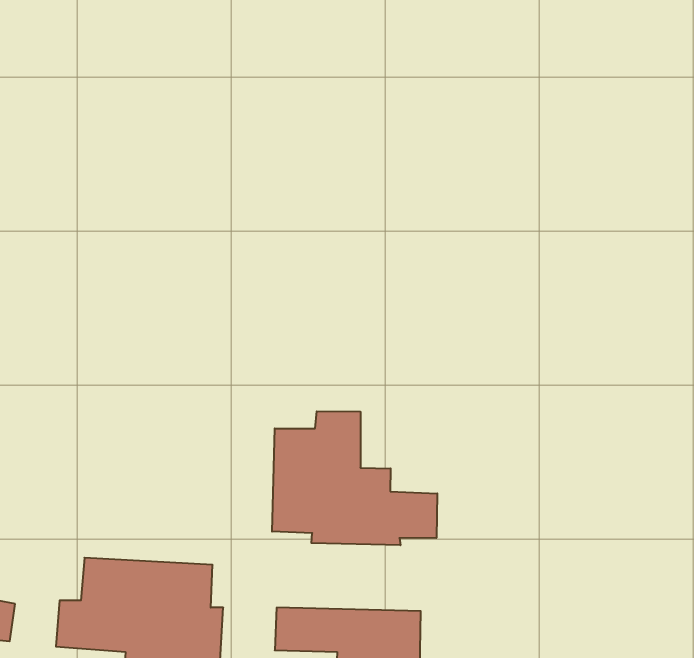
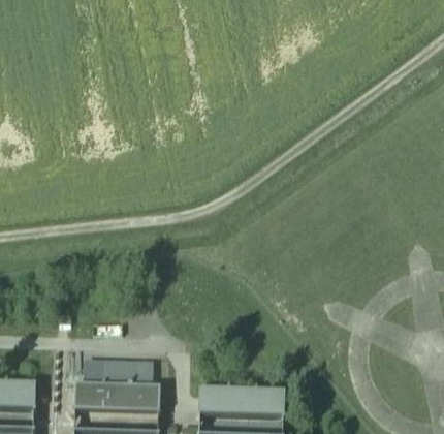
building: [272,411,437,545] -> none

